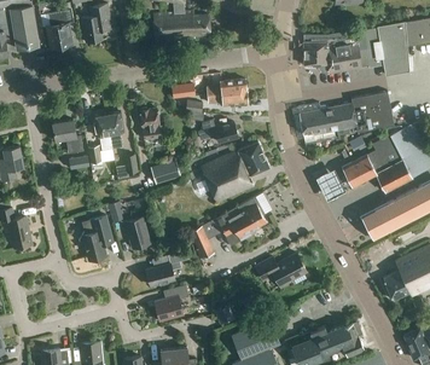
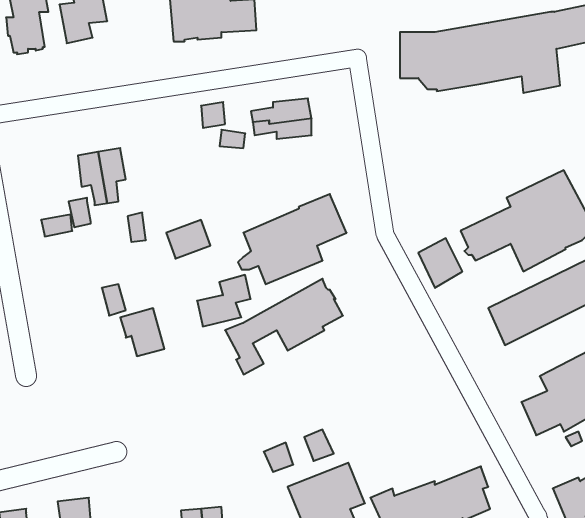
building: [294,91,394,147] -> none
building: [140,108,162,139] -> none
building: [52,120,82,152] -> none
building: [198,120,238,143] -> none
building: [79,215,112,260] -> none
building: [146,251,181,285] -> [197,275,251,326]
building: [256,253,307,286] -> none
building: [155,284,188,320] -> none

